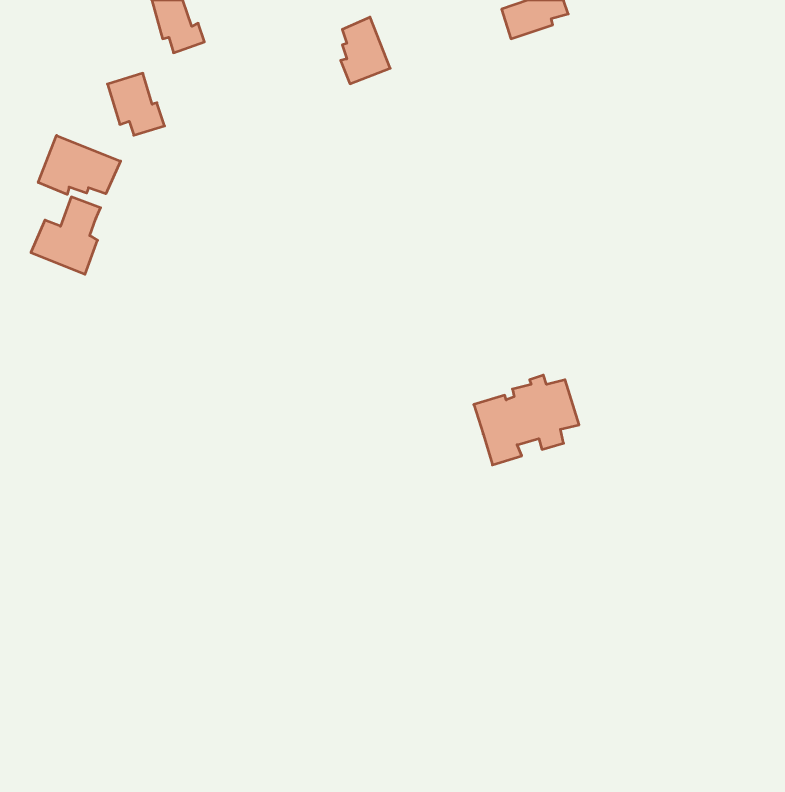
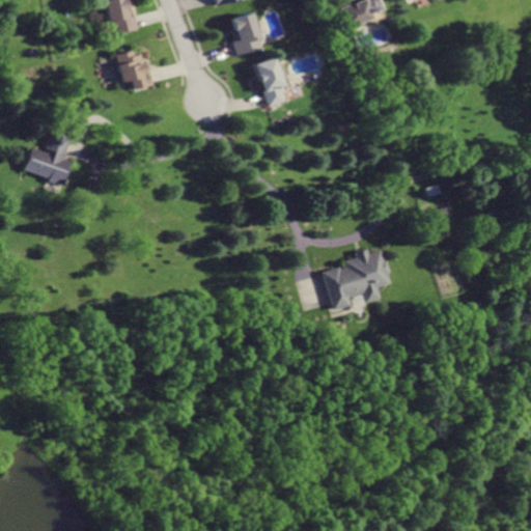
building: [107,73,165,135] -> [116,49,155,90]
building: none -> [253,57,285,106]
building: [38,135,121,194] -> none

